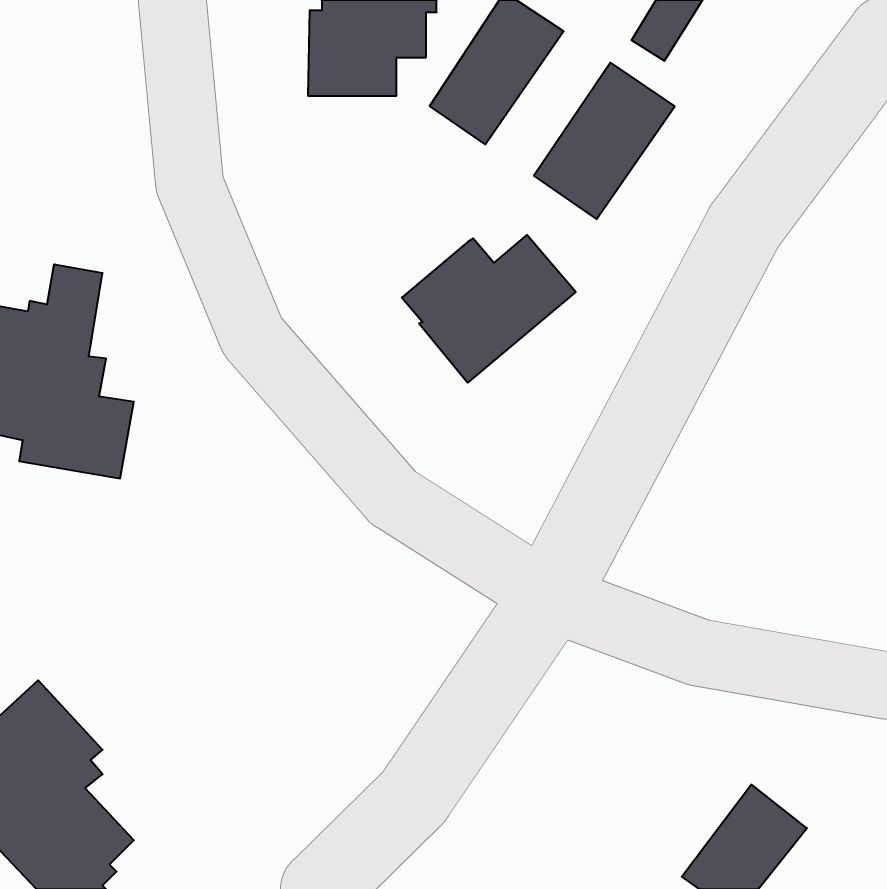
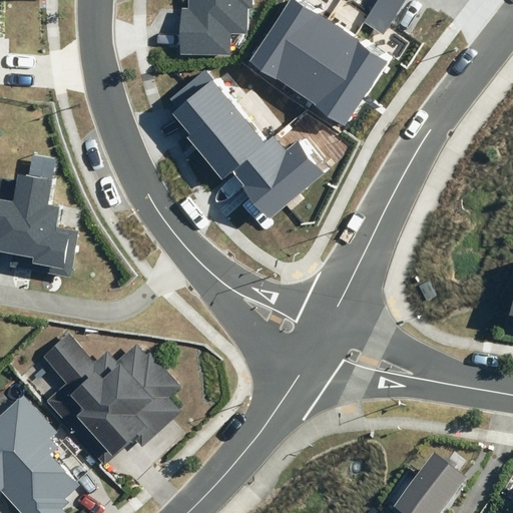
building: none -> [280,18,352,101]
building: none -> [167,67,270,179]
building: none -> [39,332,182,463]

